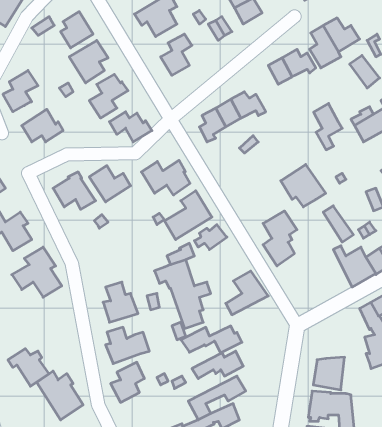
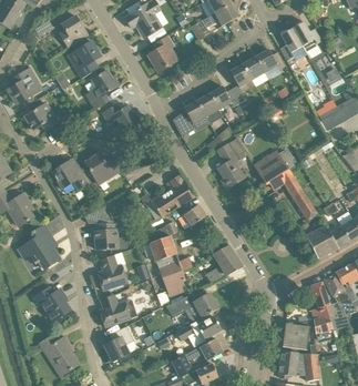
building: [314,103,342,150] -> [229,63,255,104]
building: [141,160,190,195] -> none
building: [263,211,297,266] -> [217,139,247,187]
building: none -> [94,224,126,250]
building: none -> [310,282,333,333]
building: [8,349,49,386] -> [33,287,70,321]

